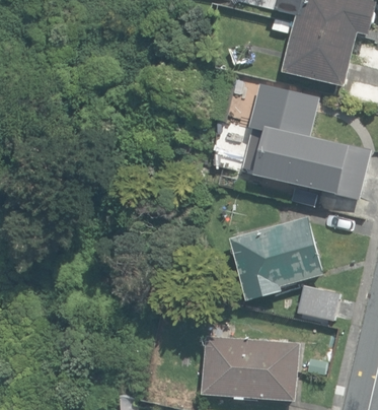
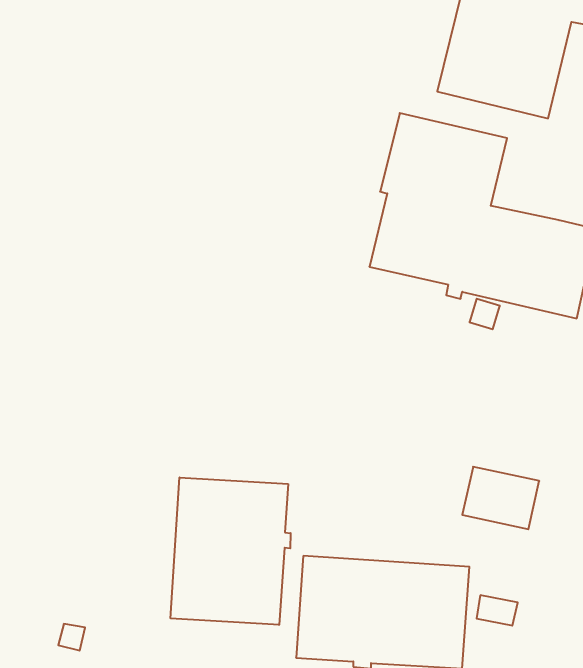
building: [227,215,323,300] -> none
building: none -> [171,477,291,625]

